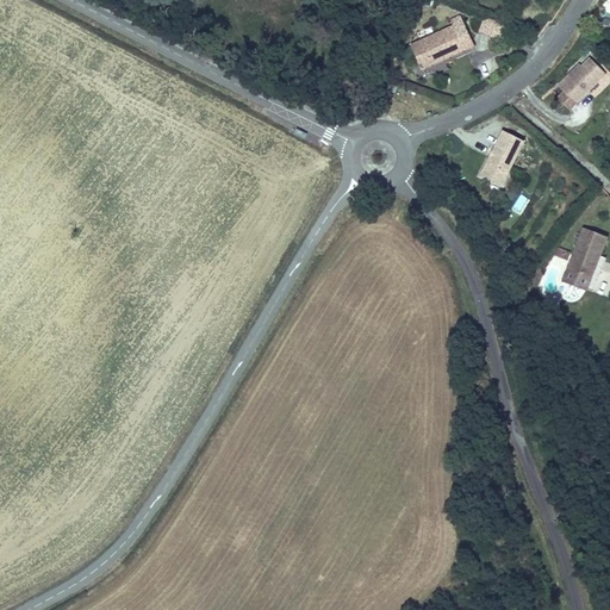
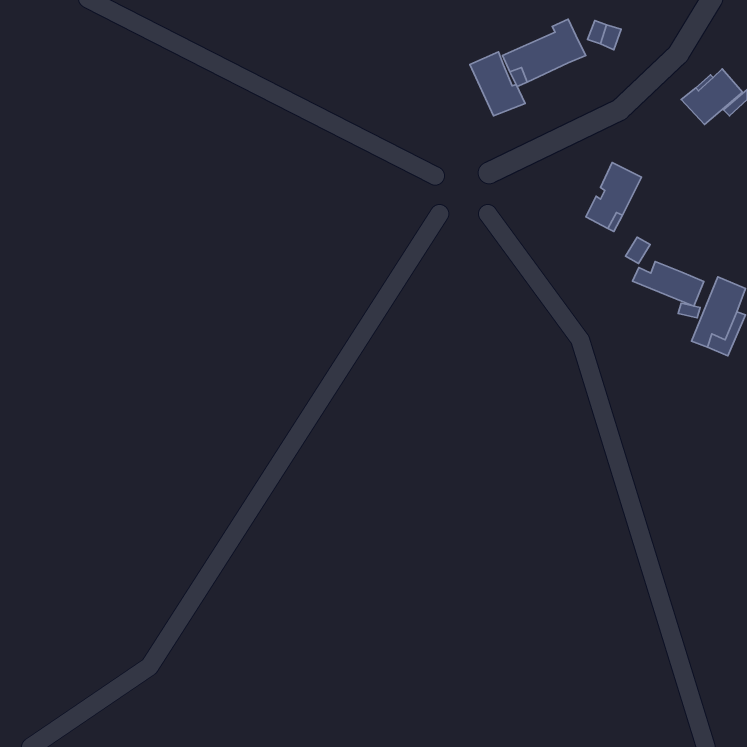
building: none -> [470,52,525,116]
building: none -> [633,261,704,306]

